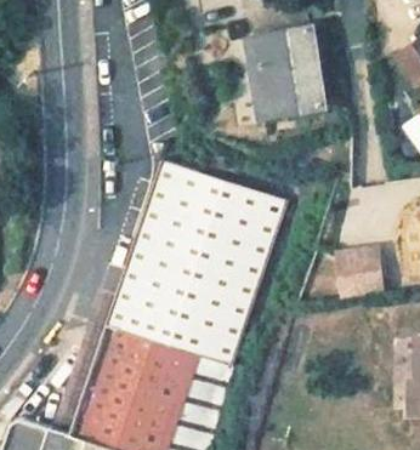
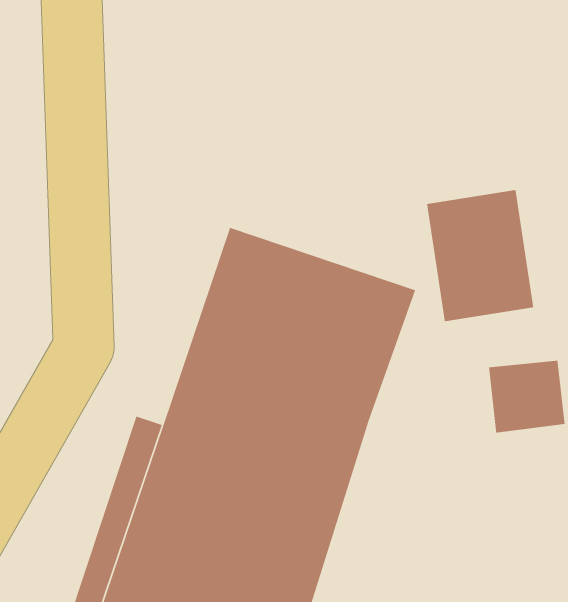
building: [251,27,324,116] -> [426,189,534,322]

